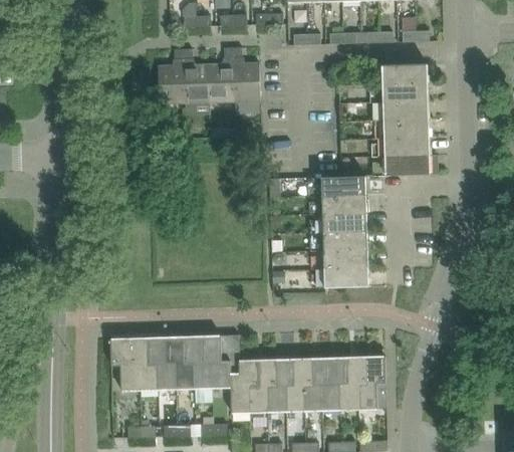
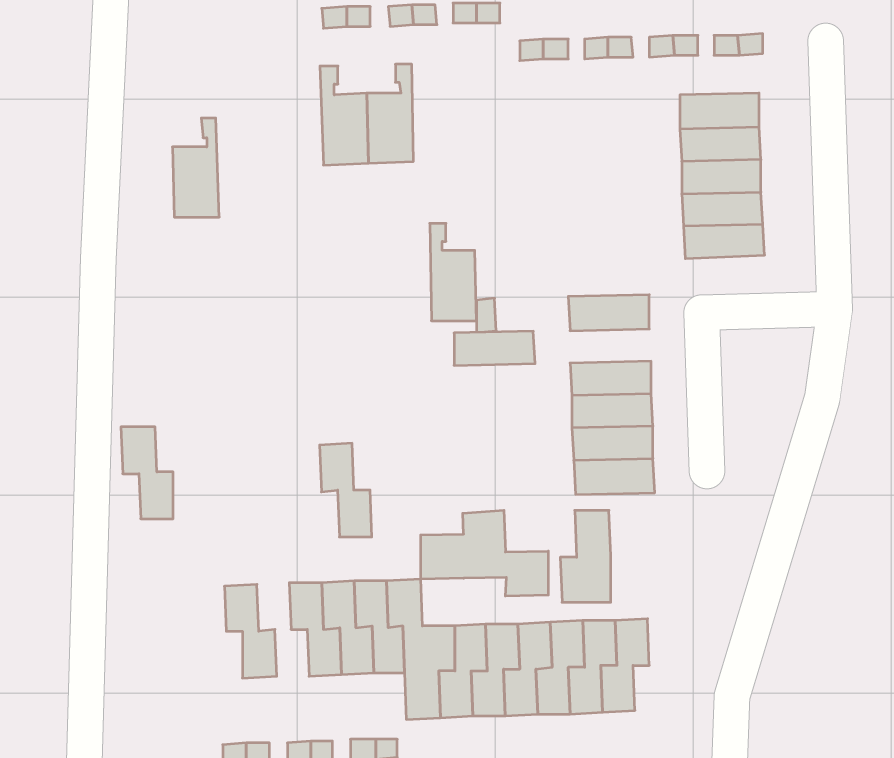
building: [233,47,259,101] -> [430,223,477,321]
building: [158,48,184,103] -> [172,118,219,217]
building: [386,154,430,175] -> none
building: [321,195,366,214] -> [454,331,535,365]
building: none -> [421,510,548,596]
building: [147,336,176,389] -> [320,443,372,537]
building: [109,338,139,390] -> [121,427,173,519]
building: [356,357,384,408] -> [560,510,611,602]

